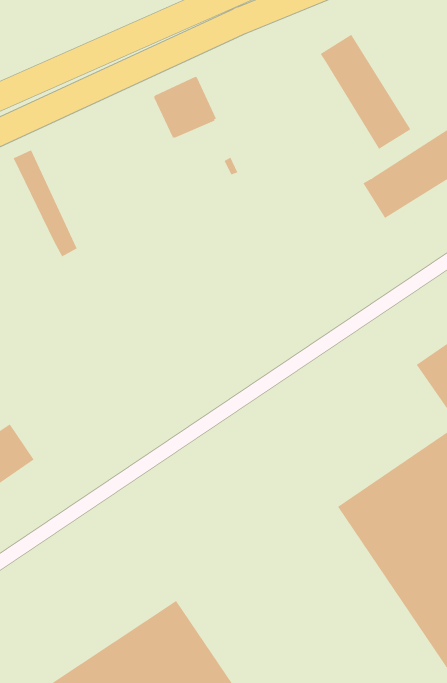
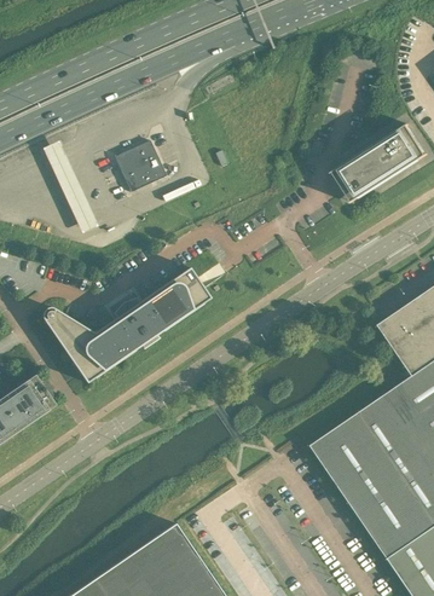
building: [319,32,412,151] -> none
building: [153,76,216,138] -> [114,140,167,192]
building: none -> [42,267,210,383]

